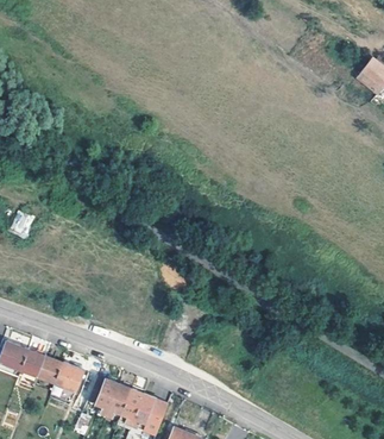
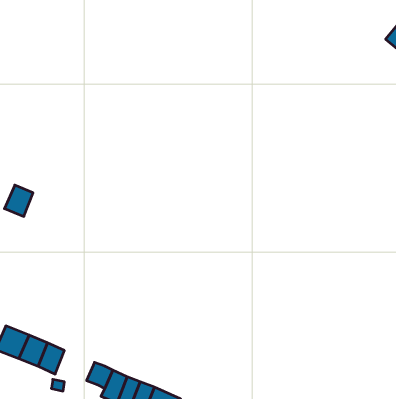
building: [53,362,84,391] -> none

